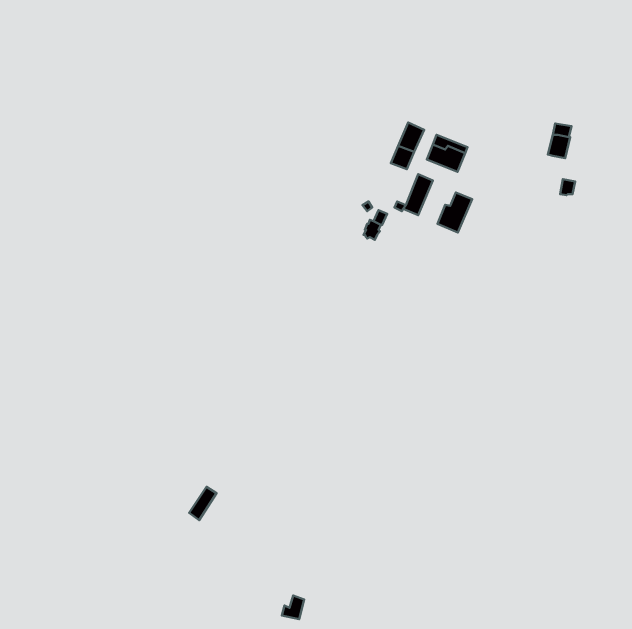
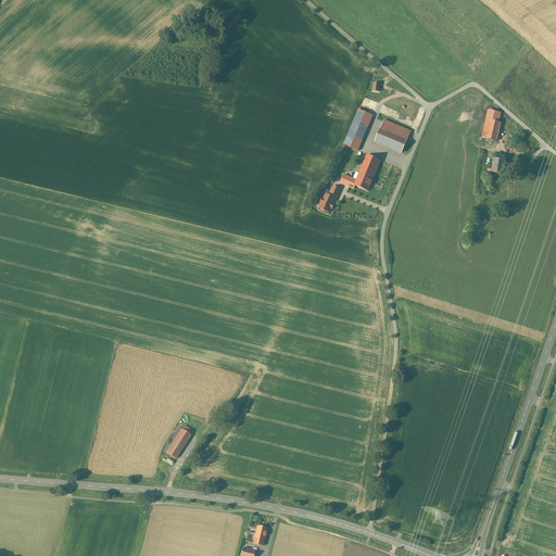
building: [438,192,472,233] -> none

